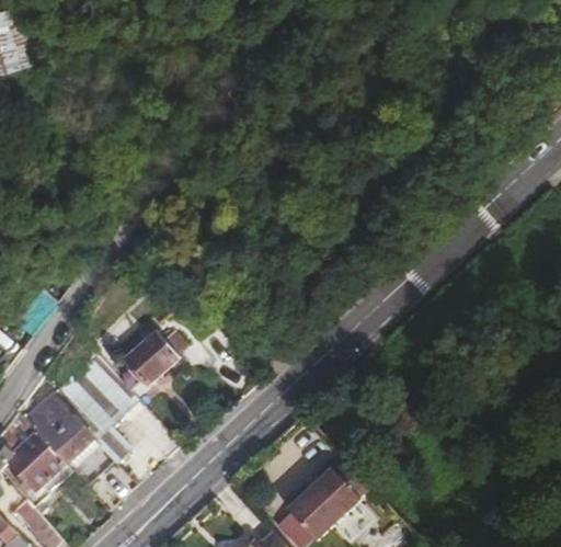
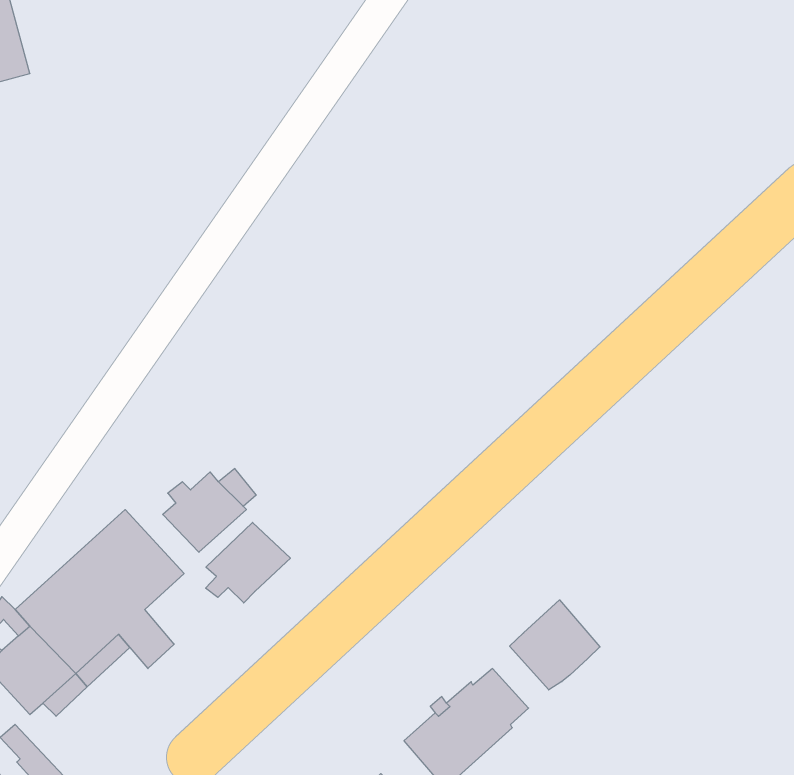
building: none -> [206,522,290,603]
building: none -> [510,600,600,690]

